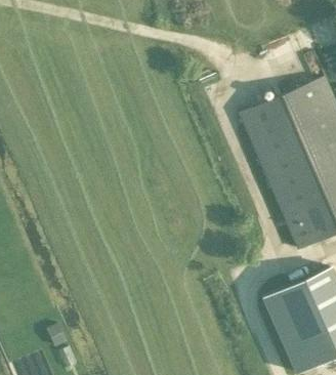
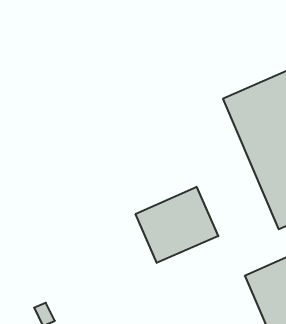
building: none -> [136,187,218,263]

